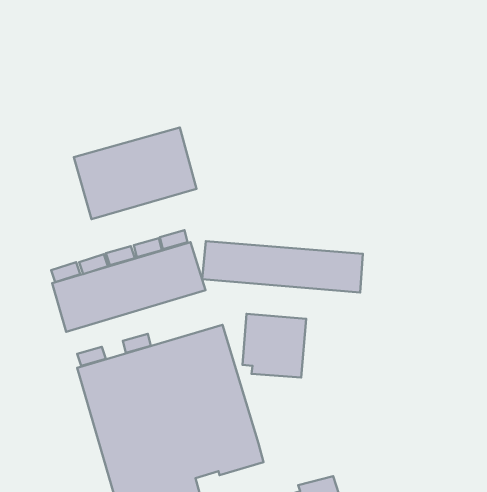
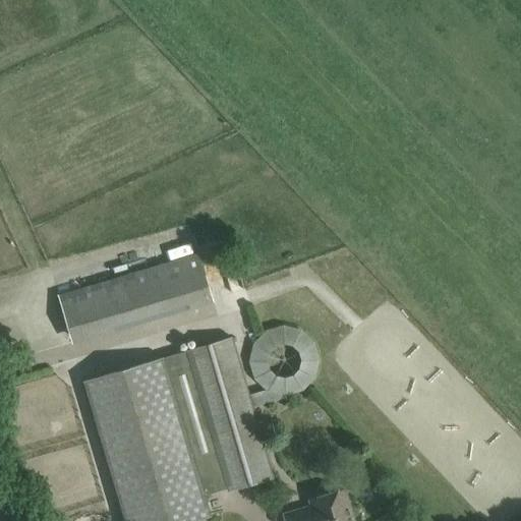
building: [74,127,197,219] -> none
building: [202,241,363,292] -> none

